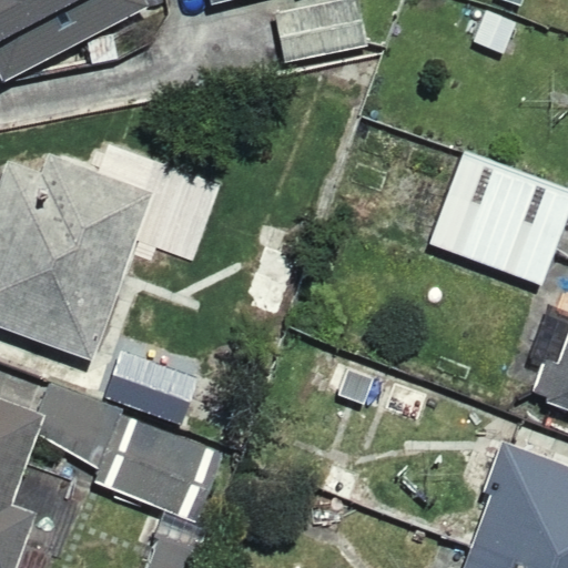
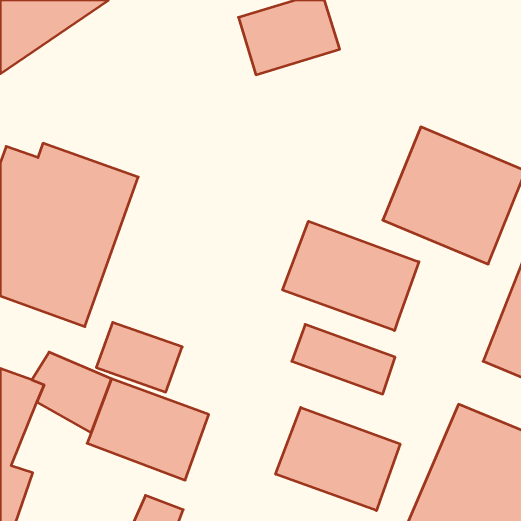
building: none -> [283,221,419,331]
building: none -> [276,407,400,511]

